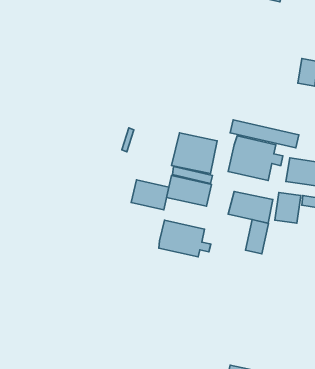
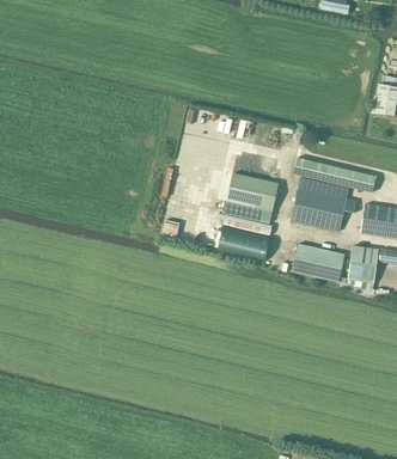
building: [131,180,169,210] -> none
building: [245,220,269,254] -> none
building: [159,220,211,257] -> none

